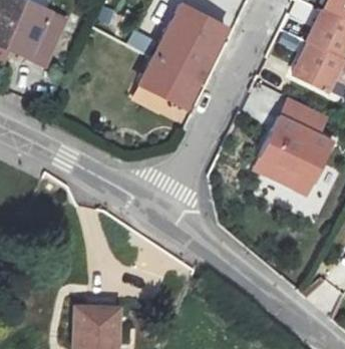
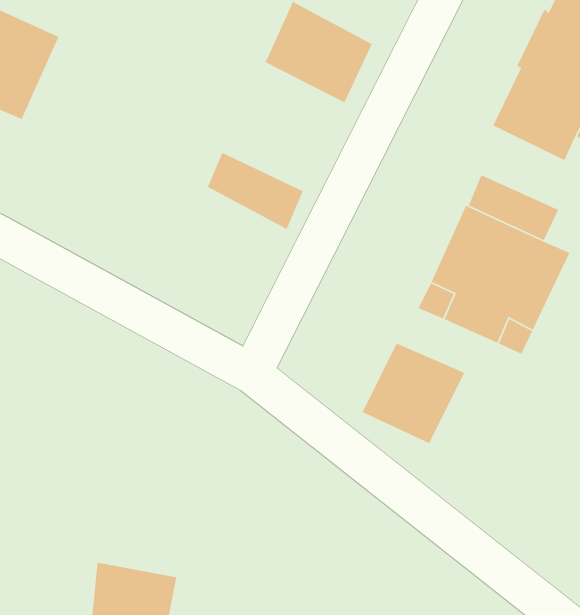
building: [147,36,214,105] -> none
building: none -> [362,343,466,444]

